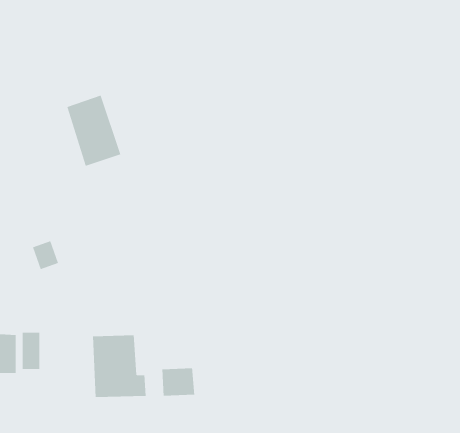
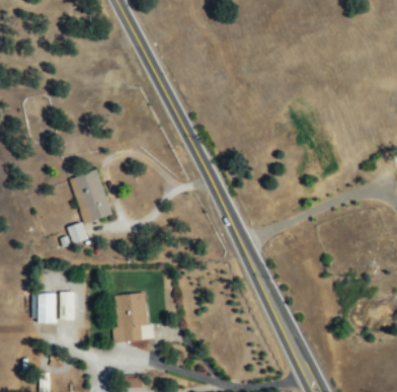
building: [67,95,121,166] -> [70,169,111,224]
building: [162,368,195,397] -> none

